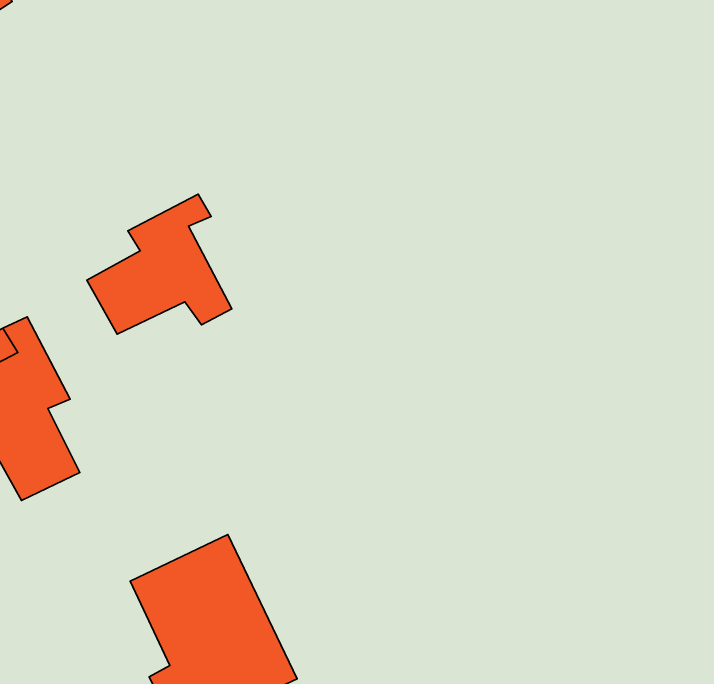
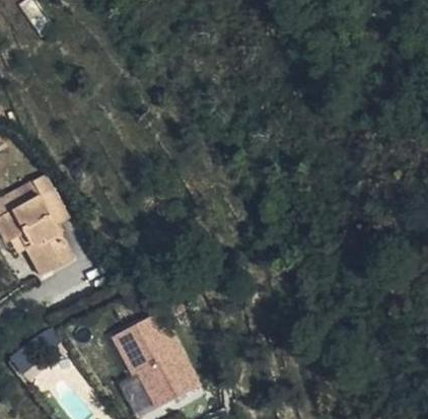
building: [87,194,232,334] -> none

